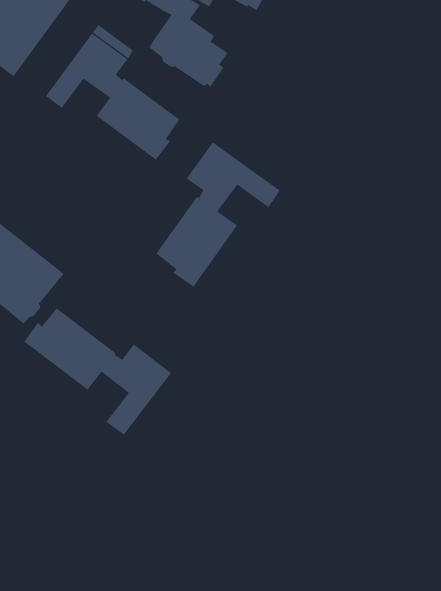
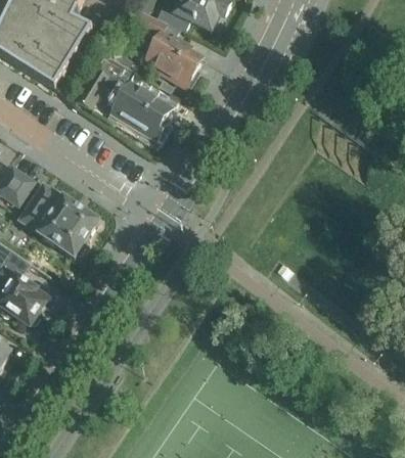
building: [156,142,281,287] -> none
building: [23,307,172,436] -> none

